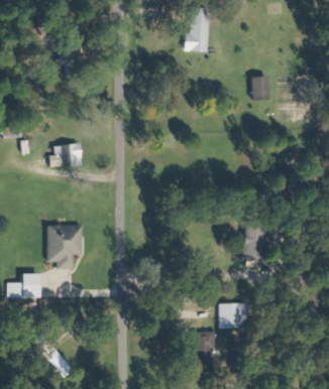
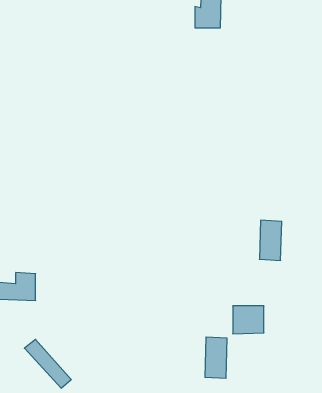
building: [251,76,268,99] -> none
building: [49,143,81,165] -> none
building: [46,225,82,268] -> none

